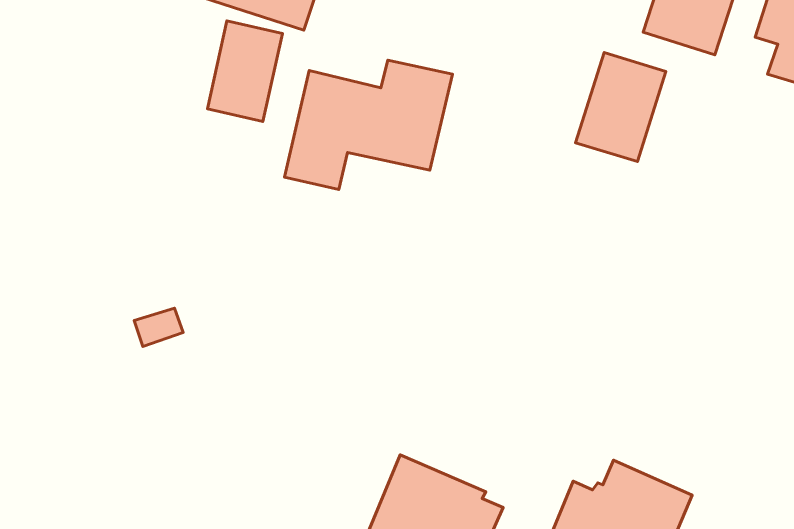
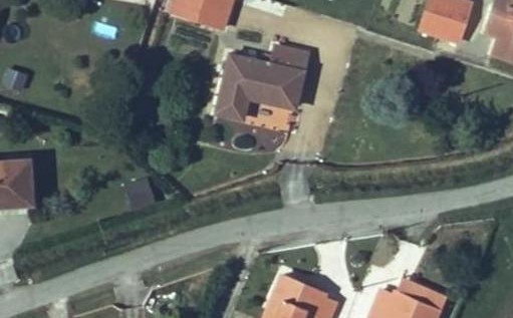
building: [207,21,282,121] -> none
building: [575,53,666,162] -> none

